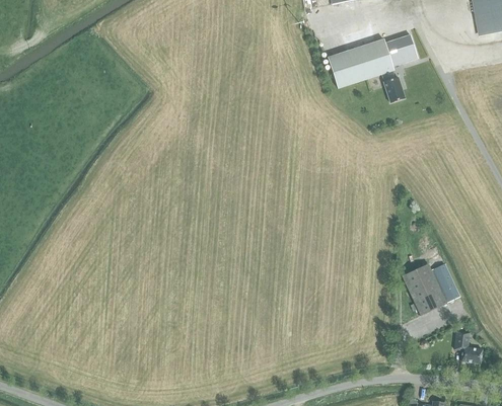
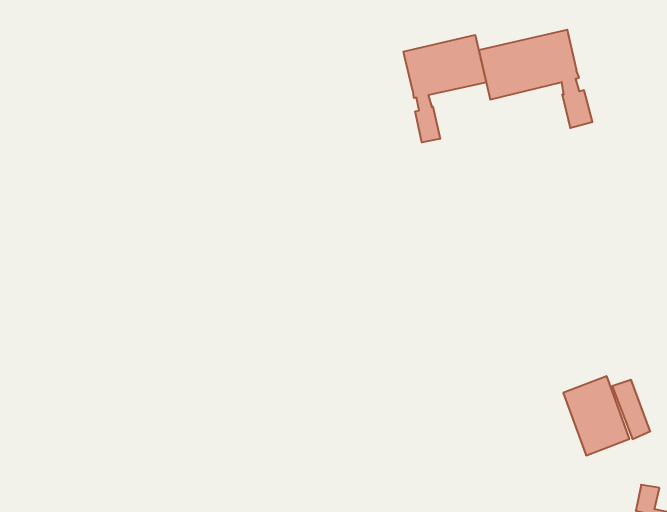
building: [385,33,418,65] -> none
building: none -> [403,35,486,142]

